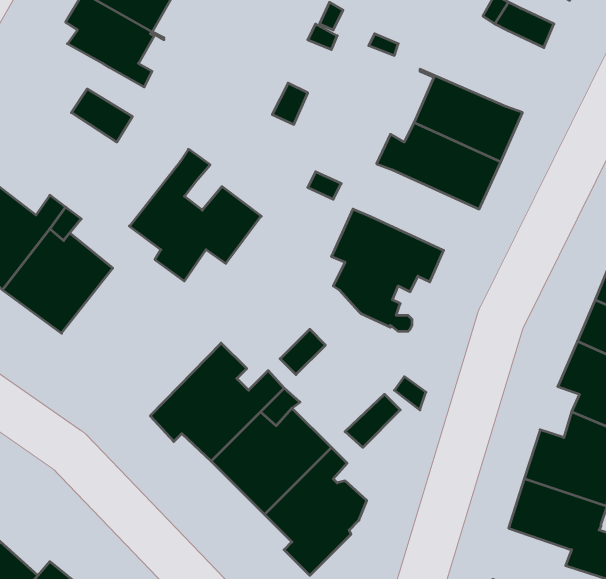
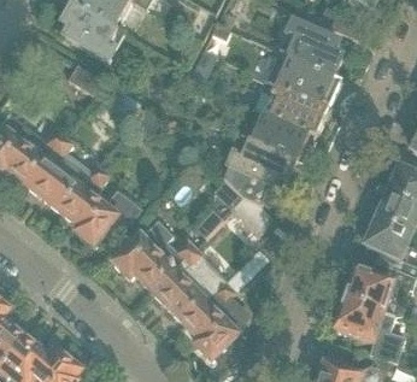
building: none -> [283,18,340,71]
building: [129,149,261,281] -> [59,163,140,243]
building: none -> [248,110,315,163]
building: none -> [229,196,271,233]

